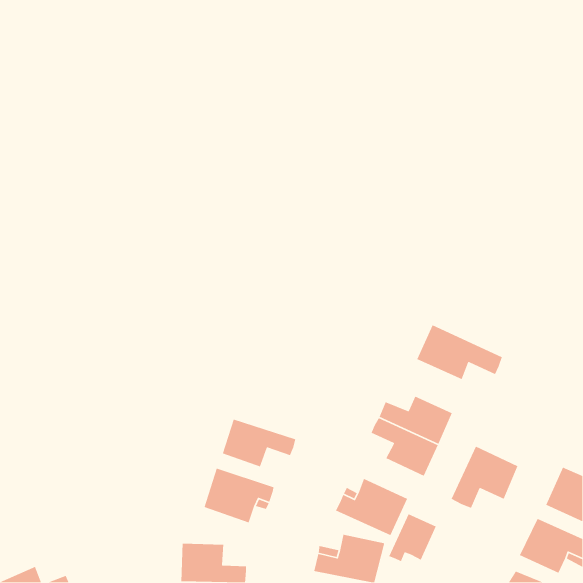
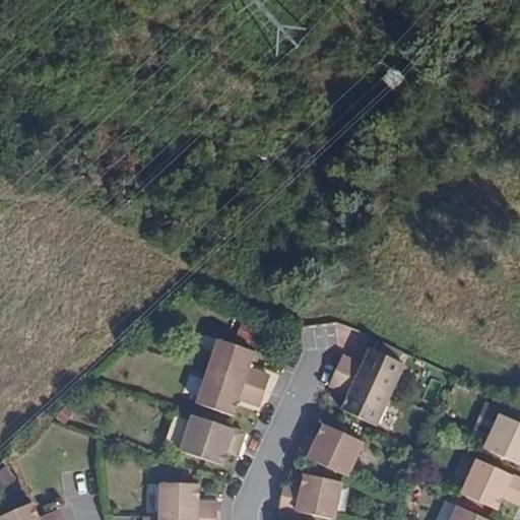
building: [416,324,503,380] -> none
building: none -> [207,339,268,390]
building: [450,446,519,509] -> none
building: [388,513,437,562] -> none

